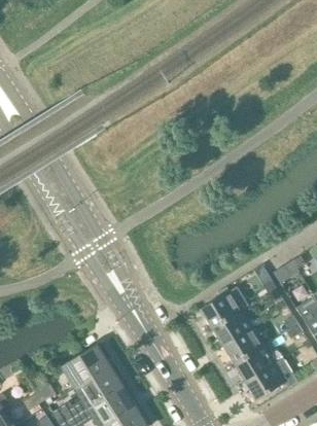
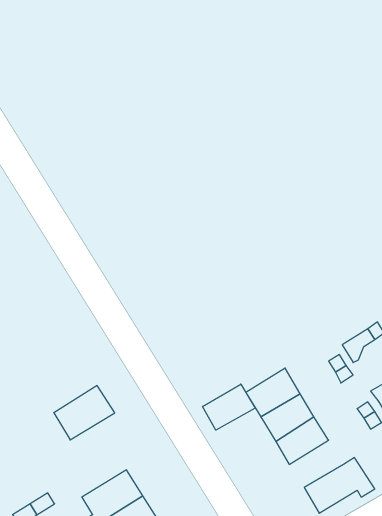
building: none -> [203,384,255,430]
building: [234,345,275,381] -> none
building: [64,347,110,388] -> [54,386,115,440]

